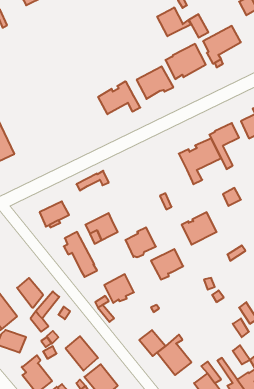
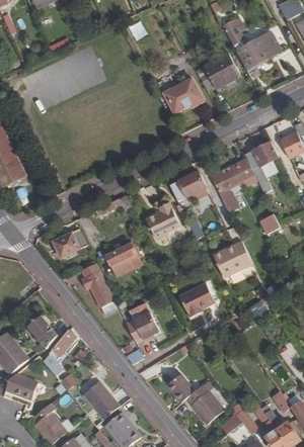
building: [157,7,191,36] -> none
building: [98,81,140,114] -> none
building: none -> [169,171,208,200]
building: [125,227,156,257] -> [146,204,180,238]

